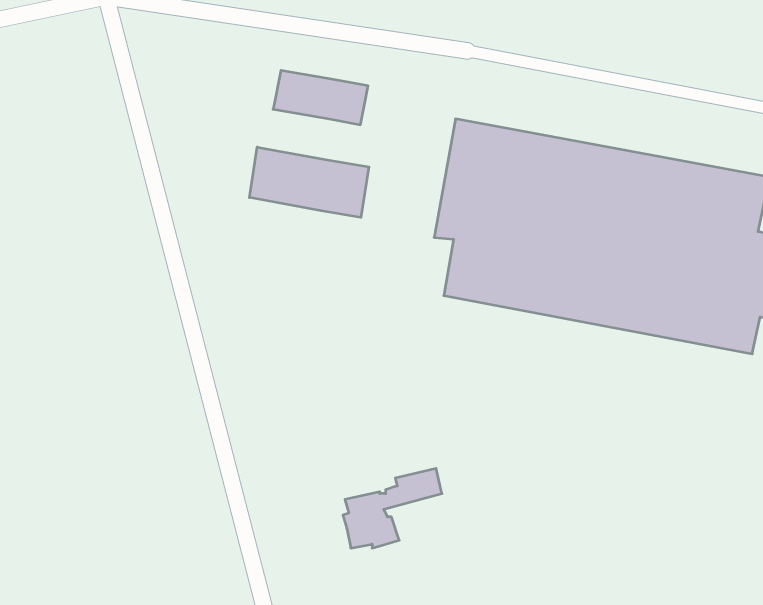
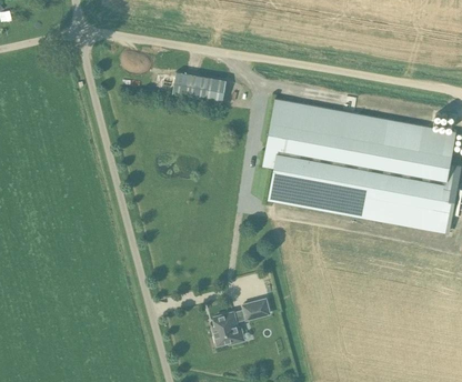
building: [249,147,369,217] -> none

